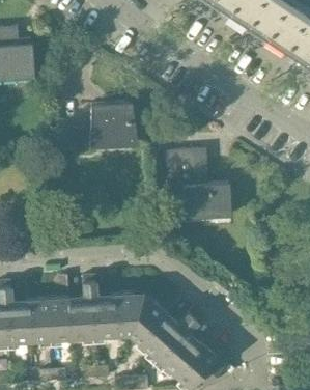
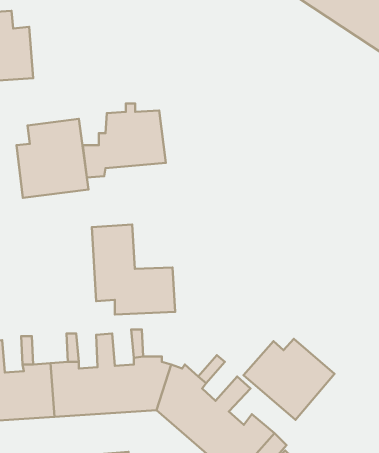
building: none -> [17,119,88,198]
building: [168,155,232,224] -> [92,224,175,315]
building: none -> [244,339,335,420]

